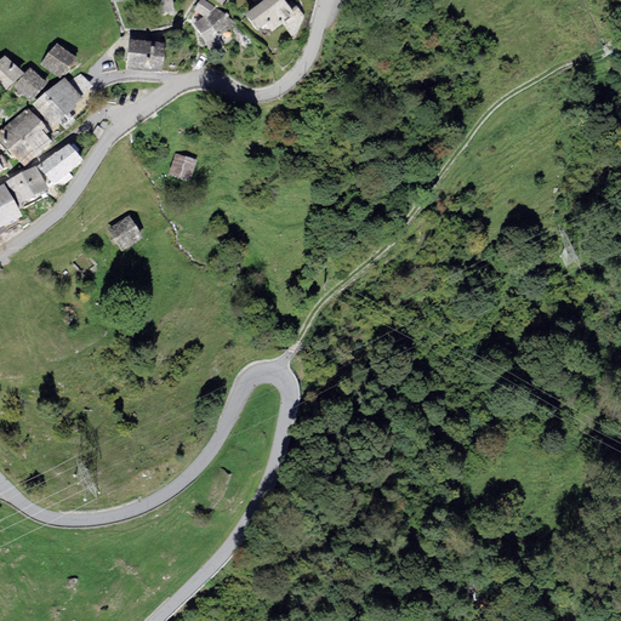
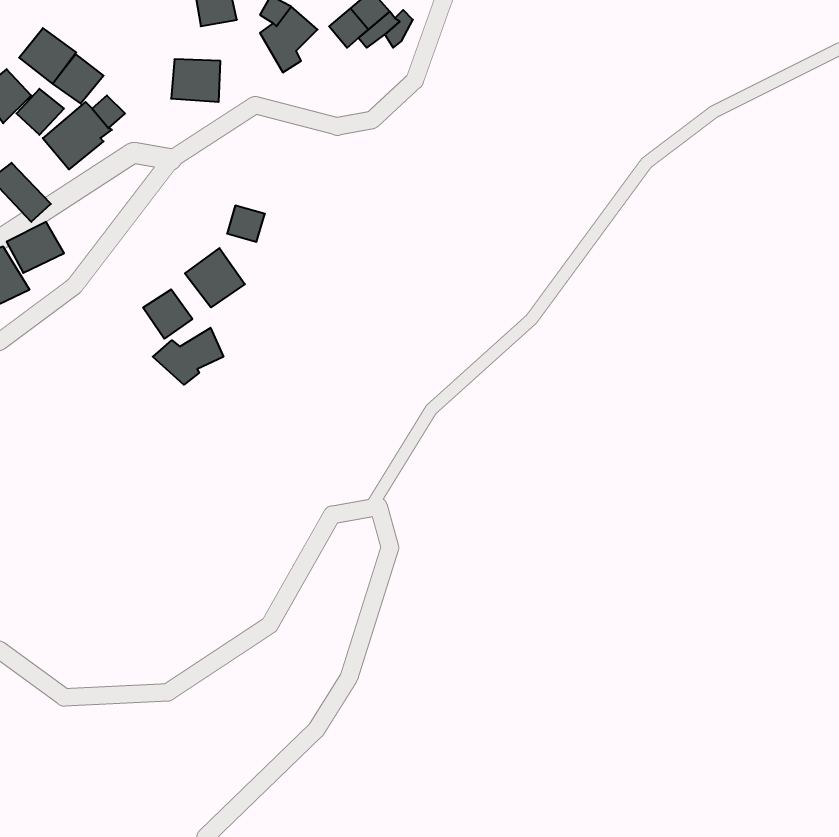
building: none -> [19,28,76,84]
building: [8,109,51,150] -> none
building: [36,142,81,183] -> none
building: none -> [185,248,245,307]
building: none -> [153,328,223,385]

